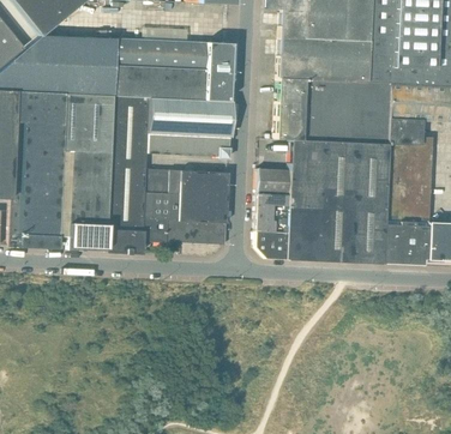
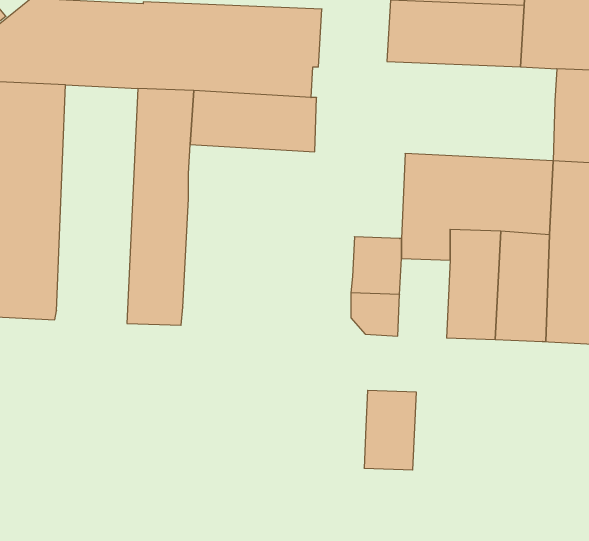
building: [277,77,392,143] -> none
building: [60,92,114,251] -> none
building: [148,132,231,158] -> none
building: [258,167,289,194] -> none
building: [144,168,230,245] -> none
building: [287,207,321,260] -> [364,390,416,470]

